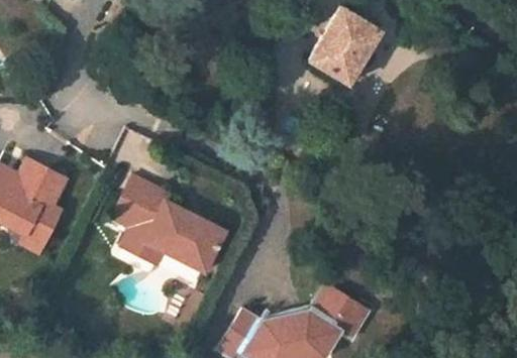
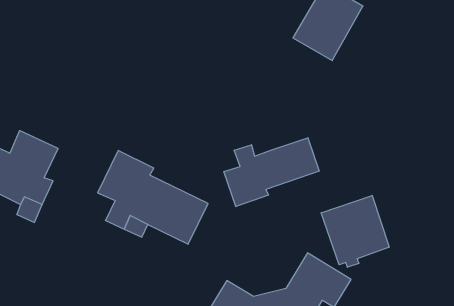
building: none -> [224,138,319,207]
building: none -> [321,195,389,267]

